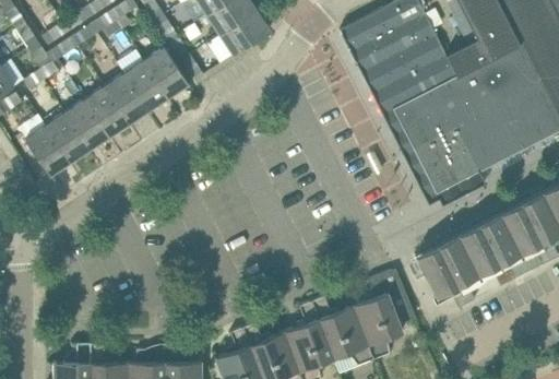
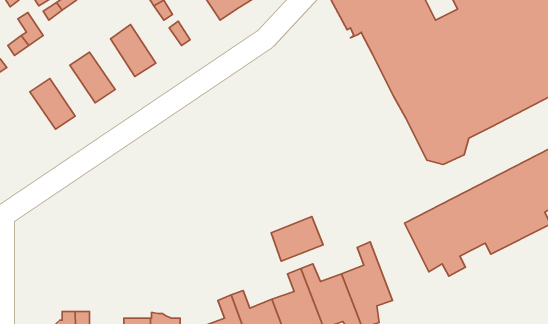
building: [144,46,189,97] -> none
building: [104,73,148,123] -> none
building: [64,99,109,150] -> none
building: [25,126,70,176] -> none
building: none -> [271,217,323,261]

